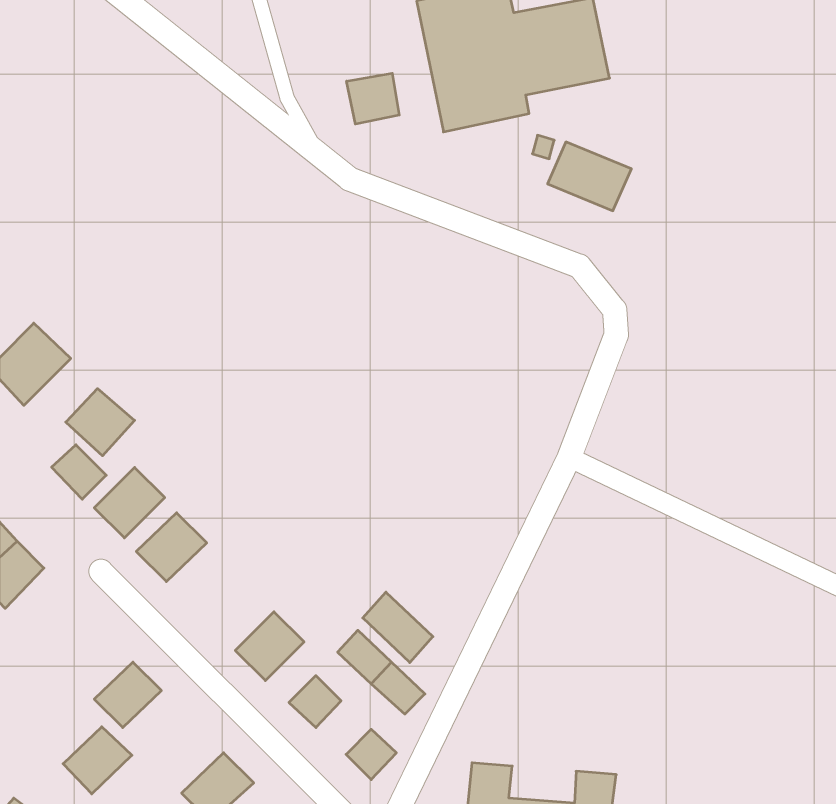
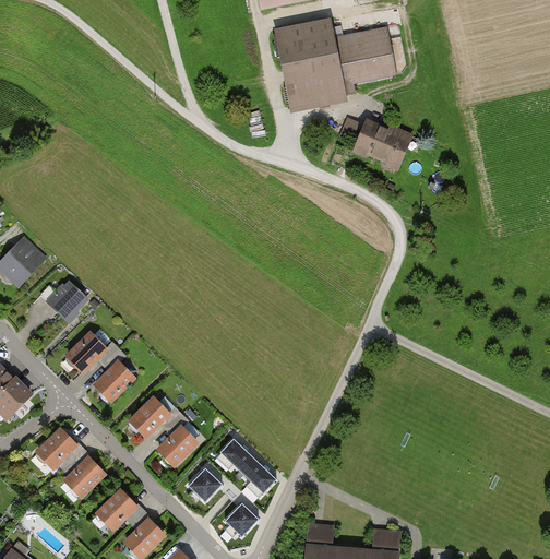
building: [347,73,399,124] -> none
building: [52,445,106,499] -> none
building: none -> [125,396,170,441]
building: [363,592,433,663] -> none
building: none -> [32,427,76,471]
building: [63,727,132,794] -> [93,488,138,532]

